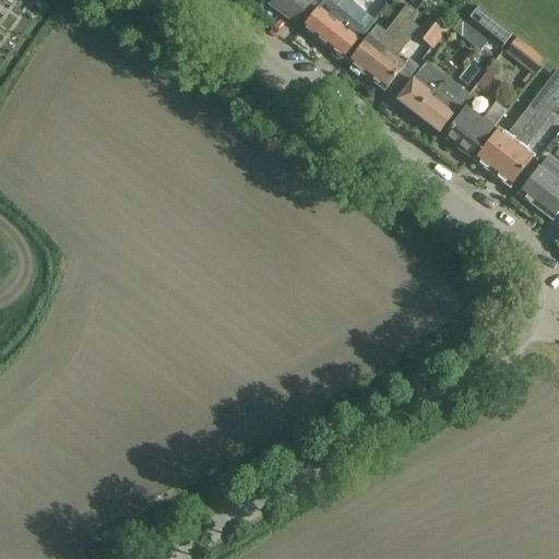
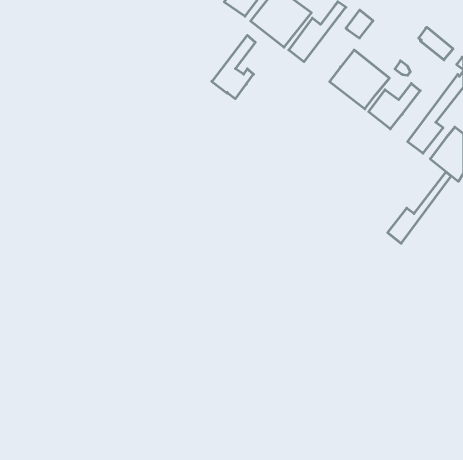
building: [468,9,513,48] -> none
building: [367,19,419,95] -> [212,35,255,99]
building: [475,84,551,170] -> [388,172,451,243]

